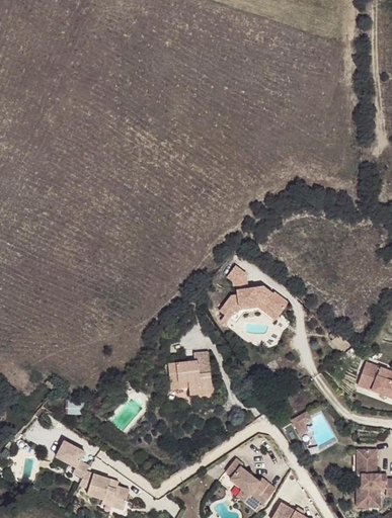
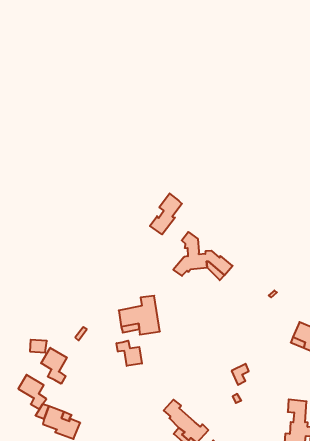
building: none -> [150,193,182,234]
building: none -> [117,341,142,366]
building: none -> [41,348,67,384]

